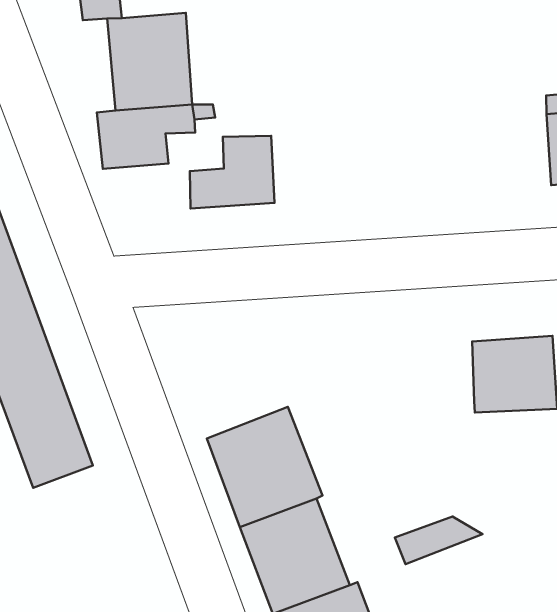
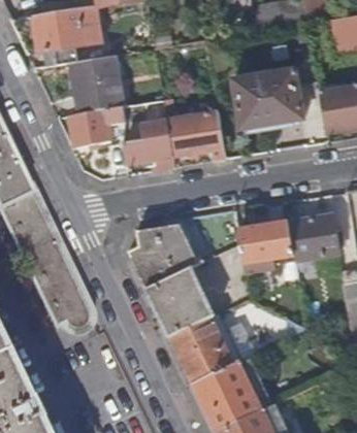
building: none -> [233,67,306,128]
building: none -> [169,109,228,158]
building: none -> [131,224,200,289]
building: none -> [239,222,295,262]

